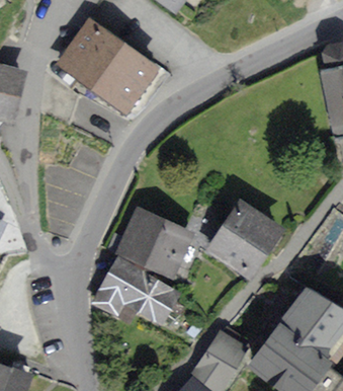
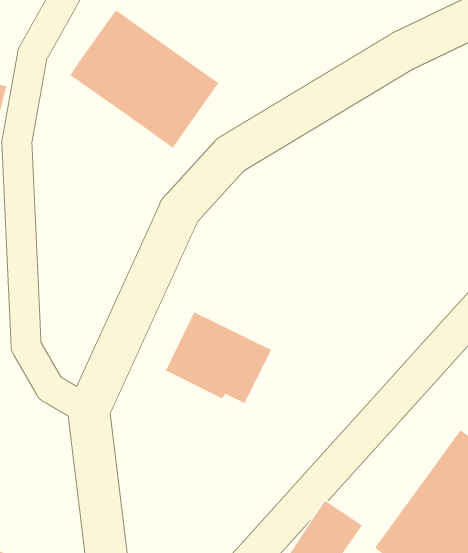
building: [213,205,280,273] -> none
building: [97,262,175,320] -> none

